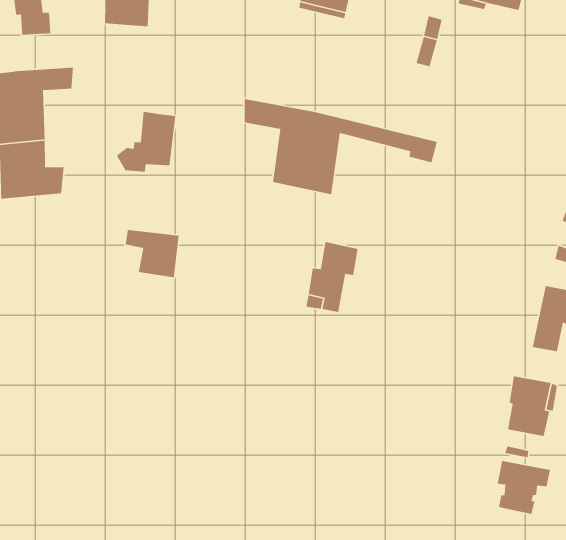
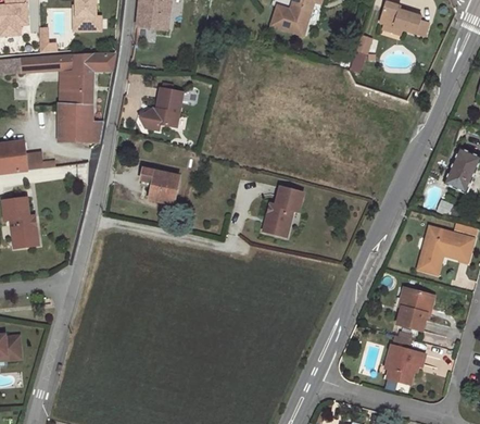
building: [244,98,438,195] -> none

